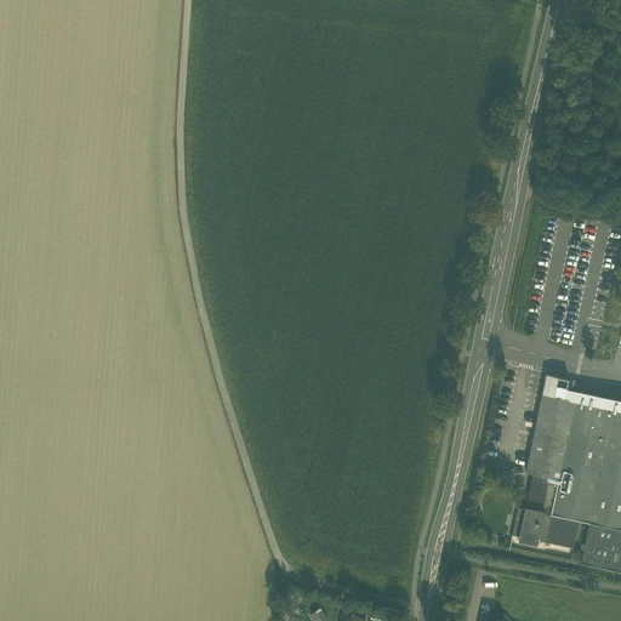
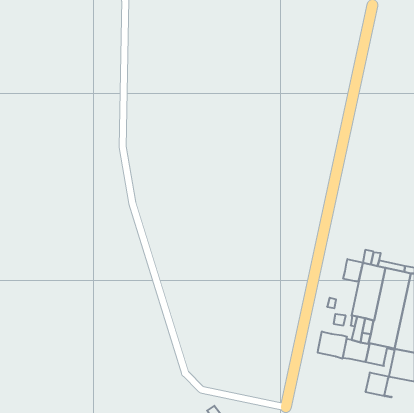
building: none -> [343,259,363,282]
building: none -> [318,331,347,359]
building: none -> [366,372,392,397]

